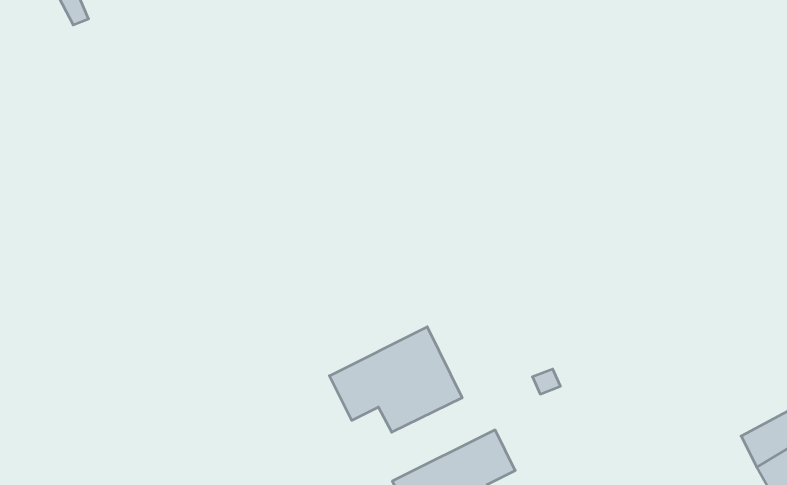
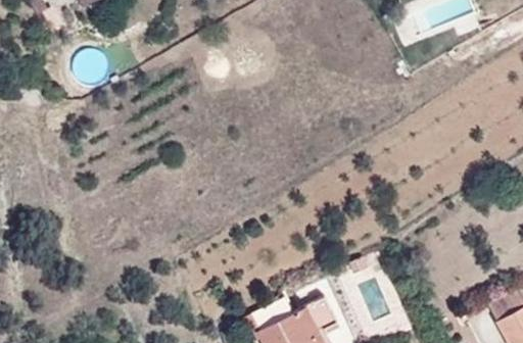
building: [329,327,462,432] -> none

